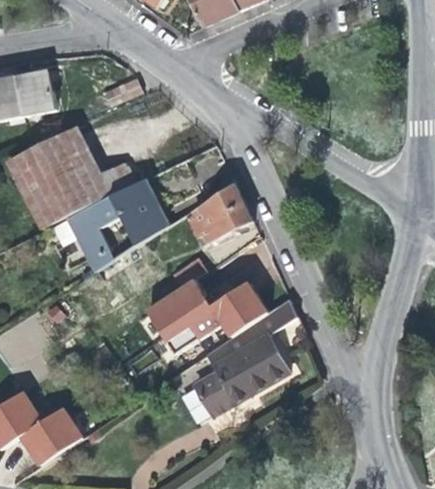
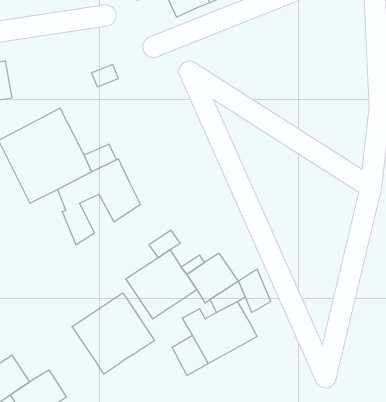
building: [17,68,57,114] -> none
building: [188,184,251,240] -> none
building: none -> [72,293,155,374]

